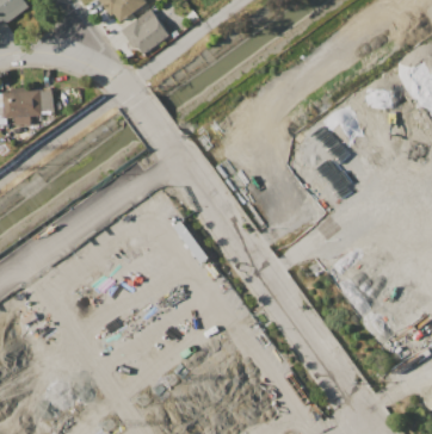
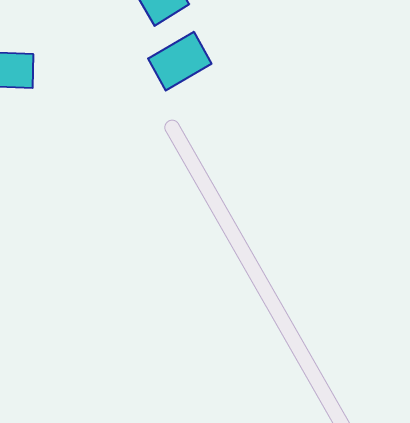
building: none -> [148,32,211,91]

